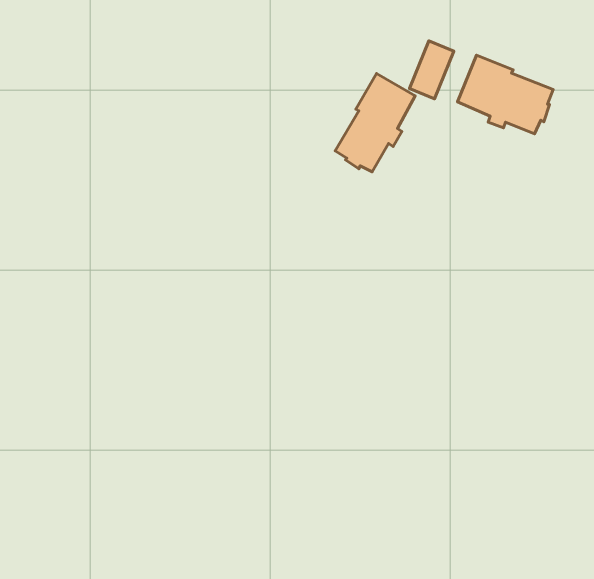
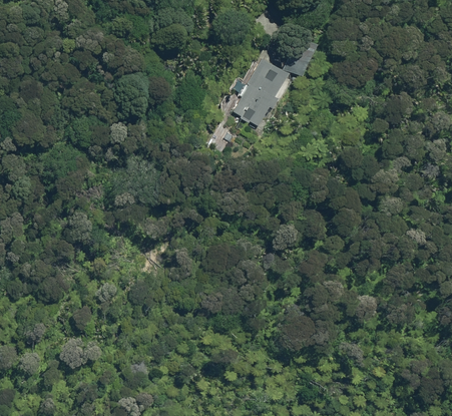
building: [457,55,553,134] -> none

